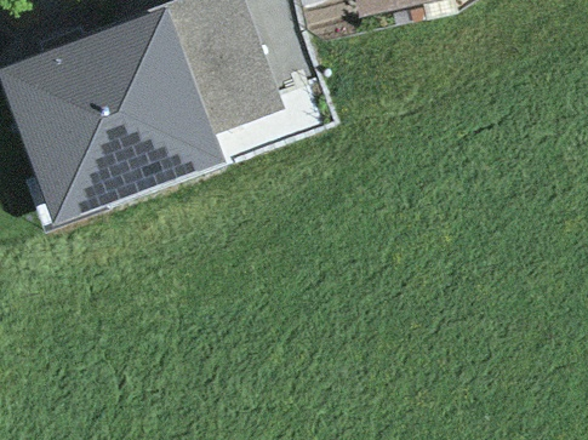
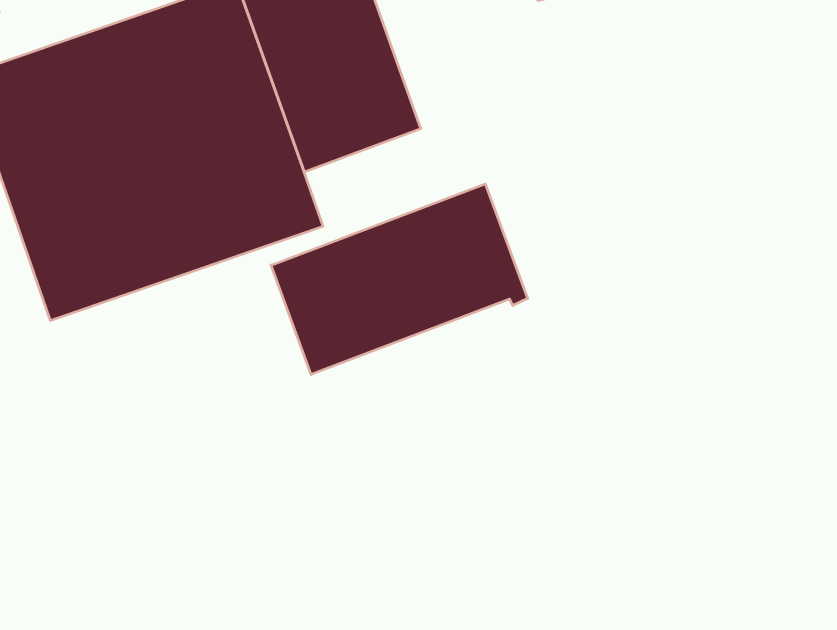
building: none -> [271,184,528,375]

